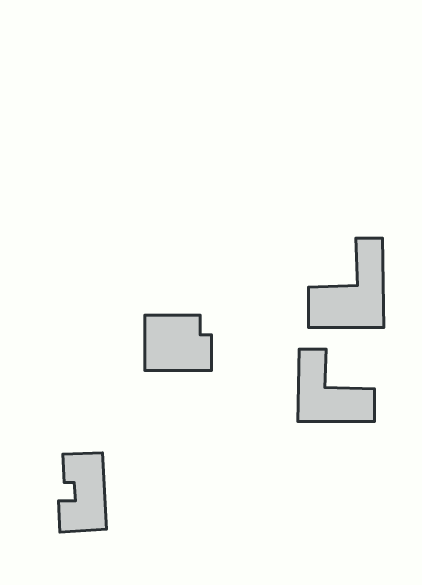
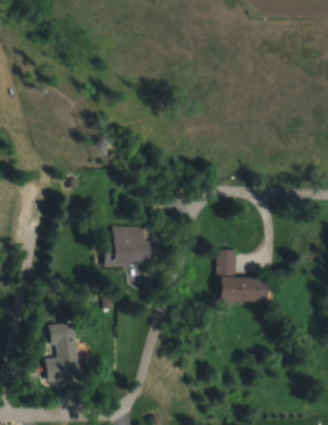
building: [308,238,384,327] -> none

